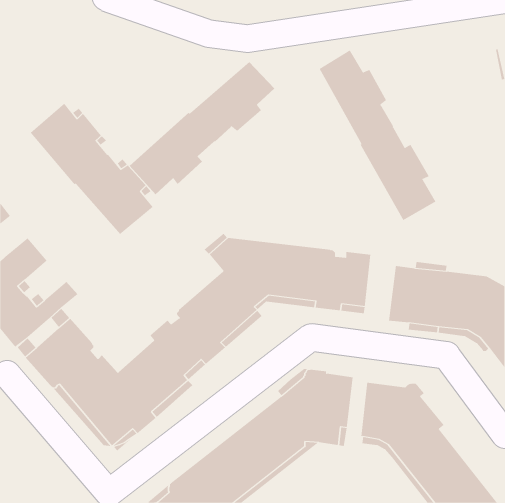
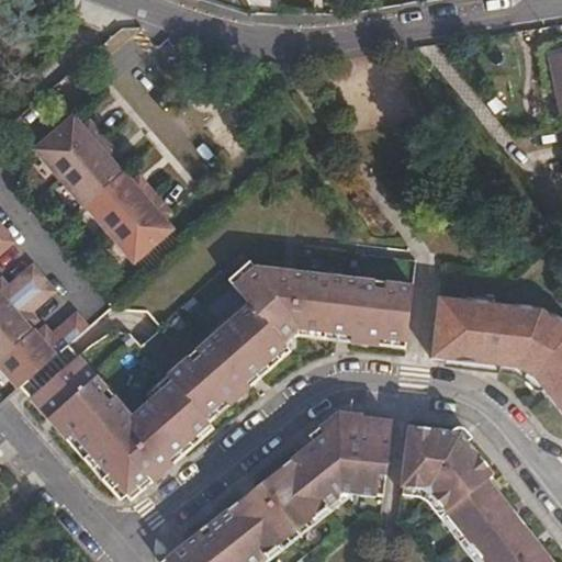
building: [319,49,436,221] -> none
building: [129,61,275,195] -> none

